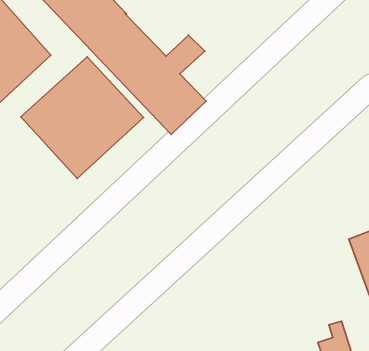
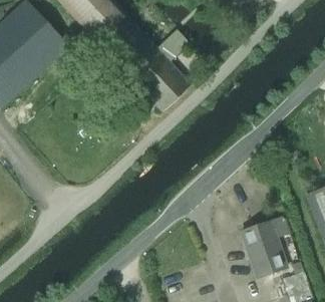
building: [21,57,143,178] -> none
building: none -> [240,216,289,277]

